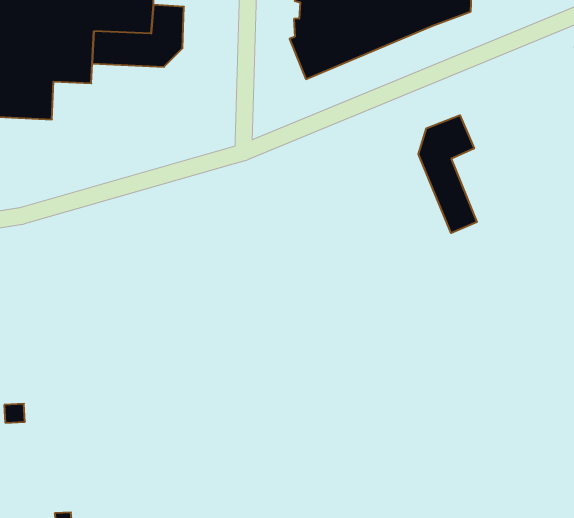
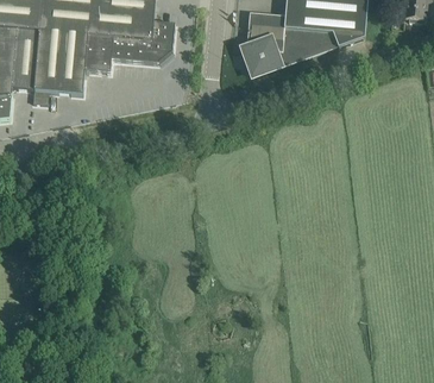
building: [419,115,477,233] -> none

